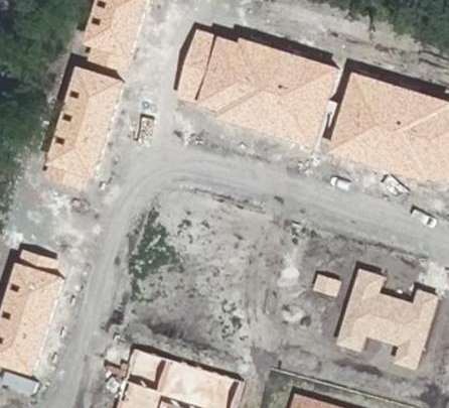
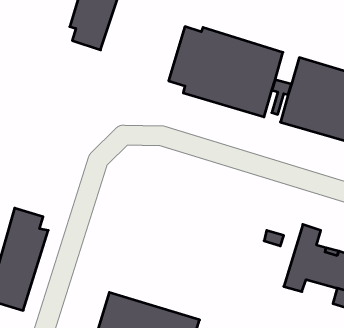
building: [178,31,221,102] -> none
building: [45,61,122,179] -> none

